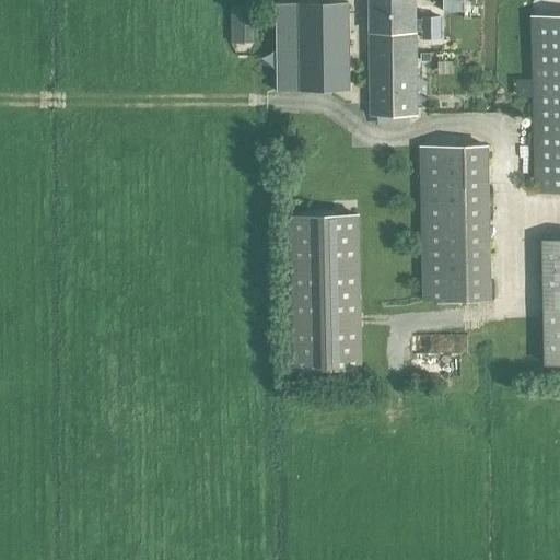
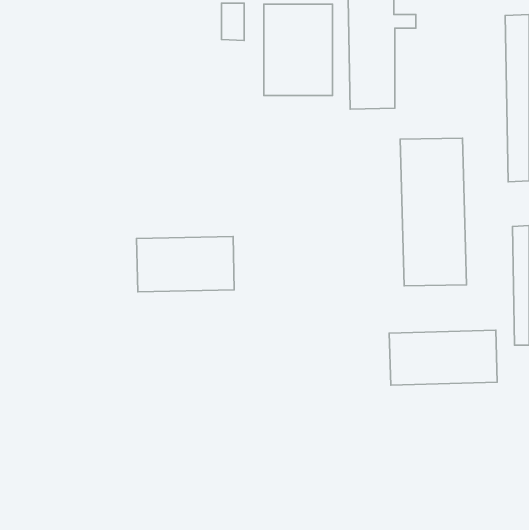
building: [291,212,362,371] -> none
building: none -> [137,236,234,292]
building: none -> [389,330,497,385]

